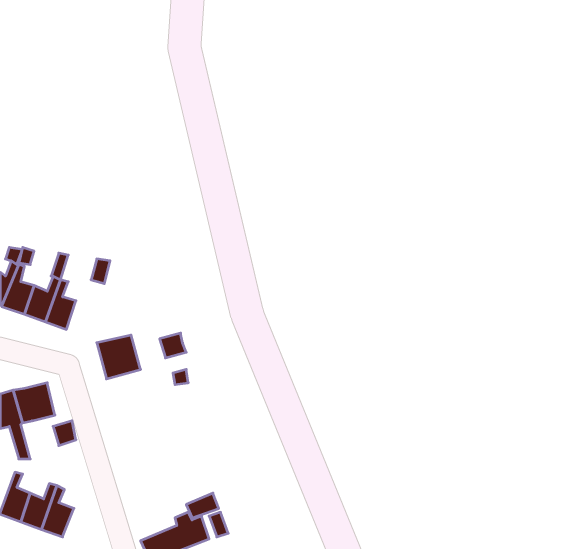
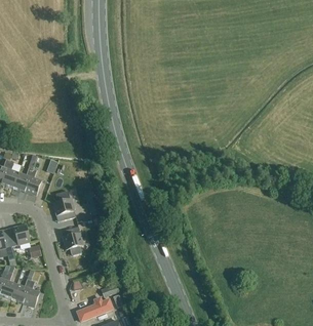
building: none -> [61,226,84,255]

